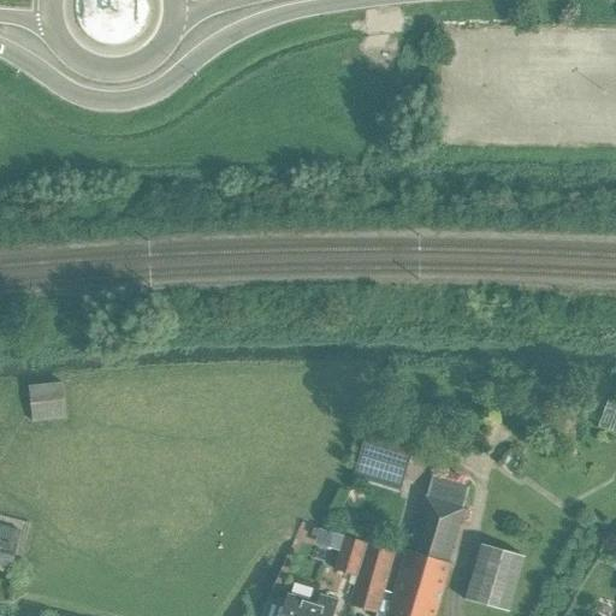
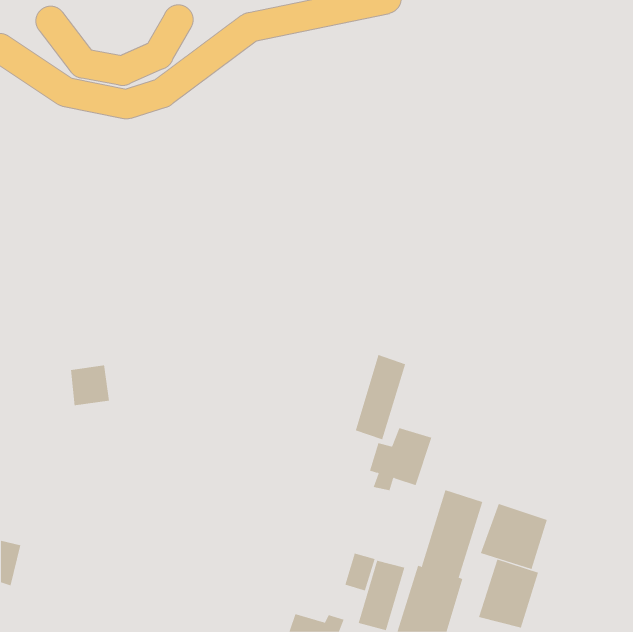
building: none -> [355,354,406,440]
building: [28,381,66,421] -> [70,365,110,406]
building: none -> [480,503,548,570]

